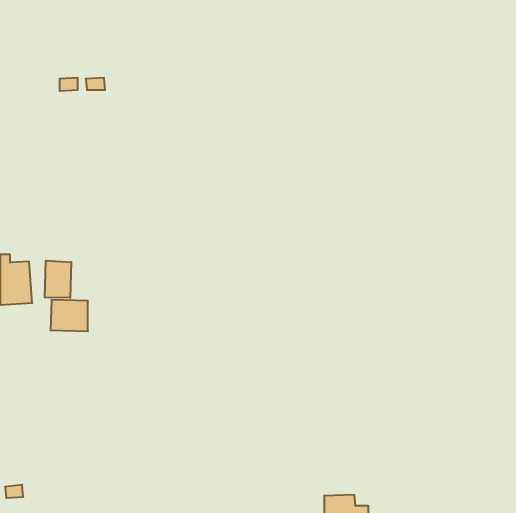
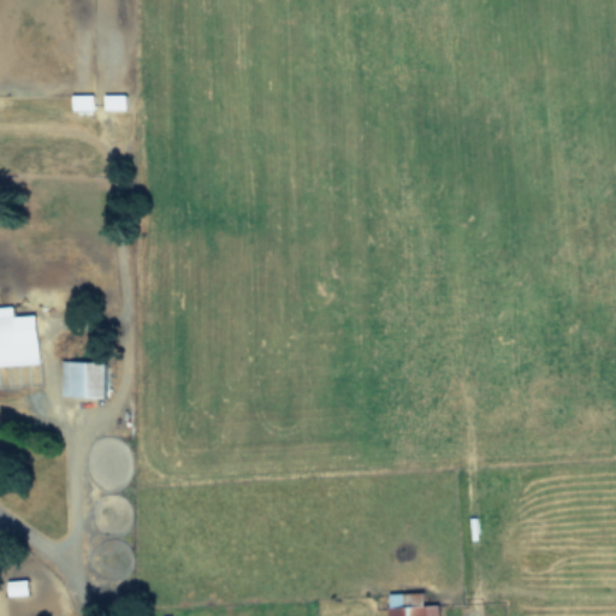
building: [45,261,71,298] -> none

